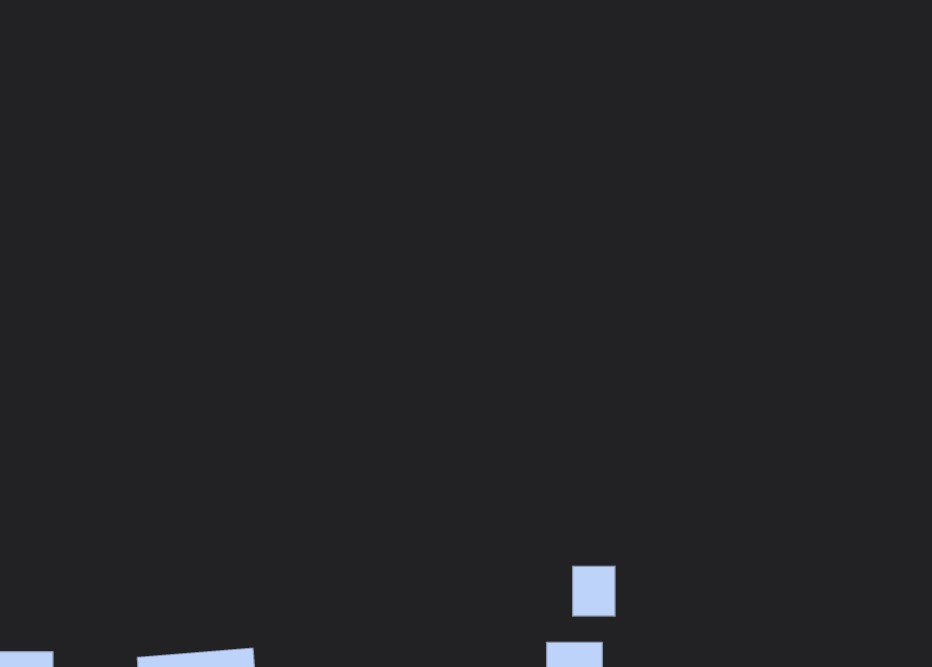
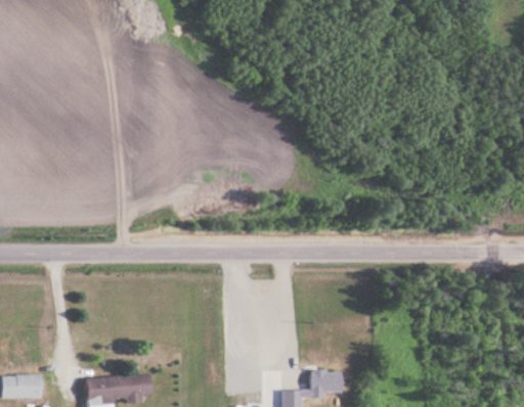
building: [573,566,615,616] -> none

